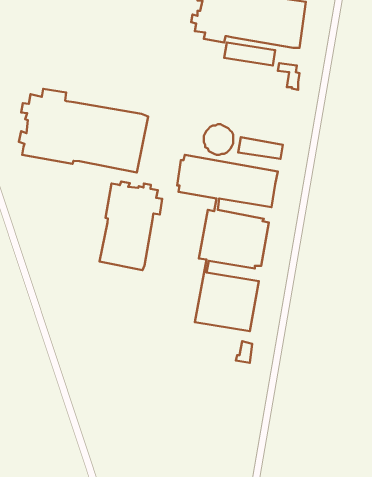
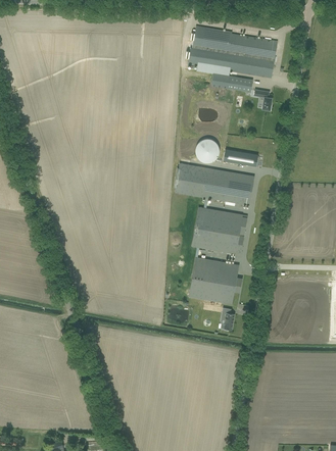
building: [19,89,148,173] -> none
building: [100,181,162,270] -> none

